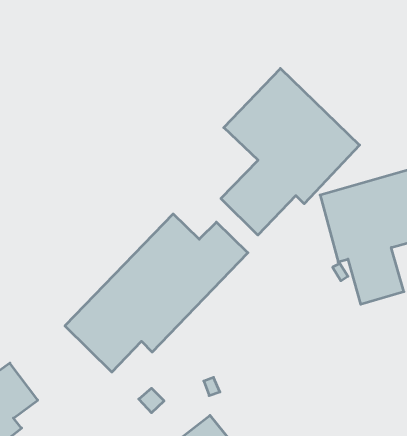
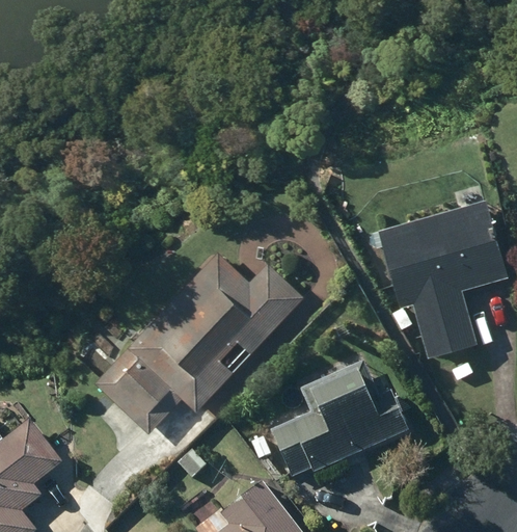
building: [221,68,360,235] -> none
building: none -> [270,363,408,479]

